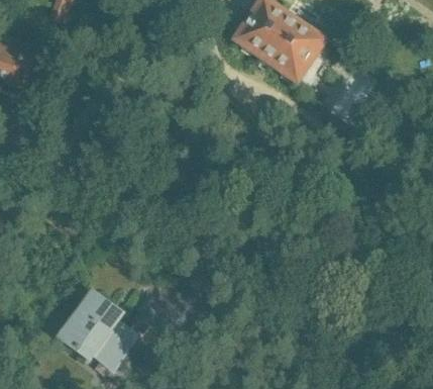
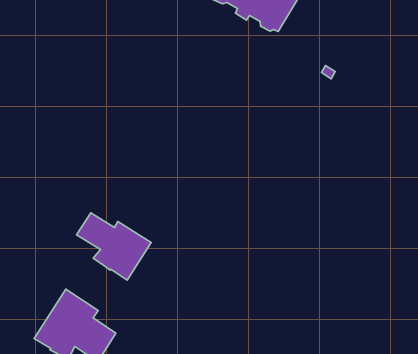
building: none -> [77,213,151,280]

